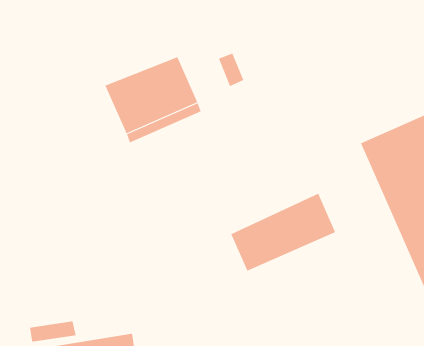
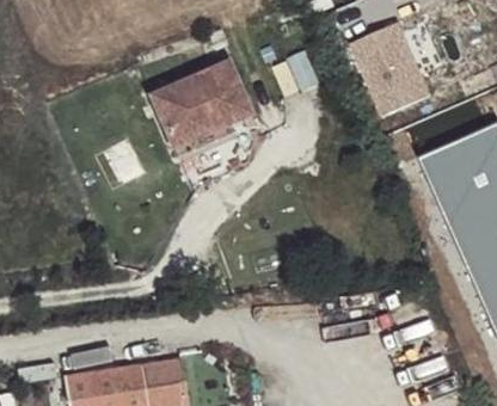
building: none -> [352,21,430,113]
building: [231,193,336,272] -> none

